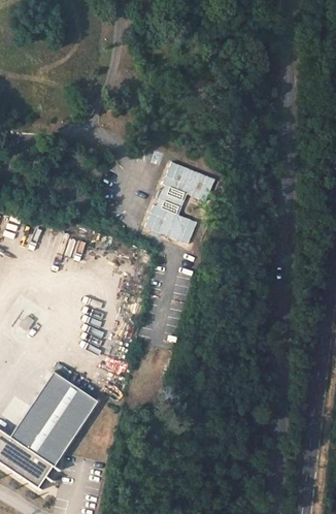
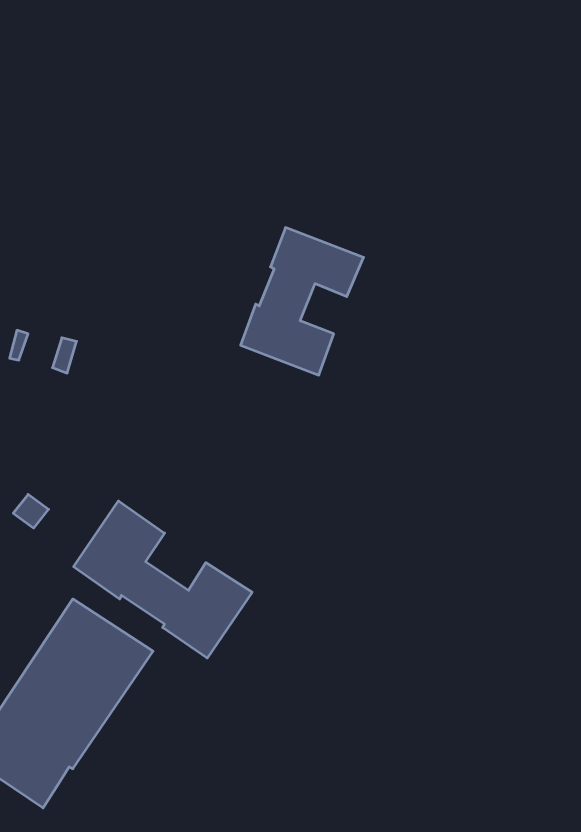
building: none -> [74,501,252,658]

